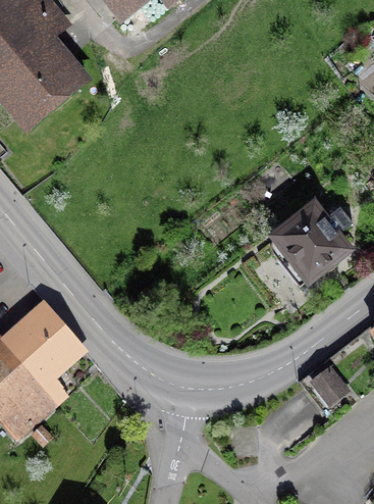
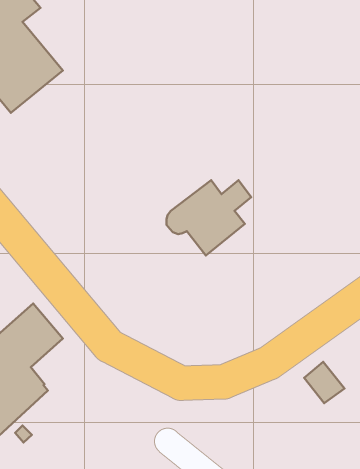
building: [269,207,351,280] -> [167,180,251,255]

